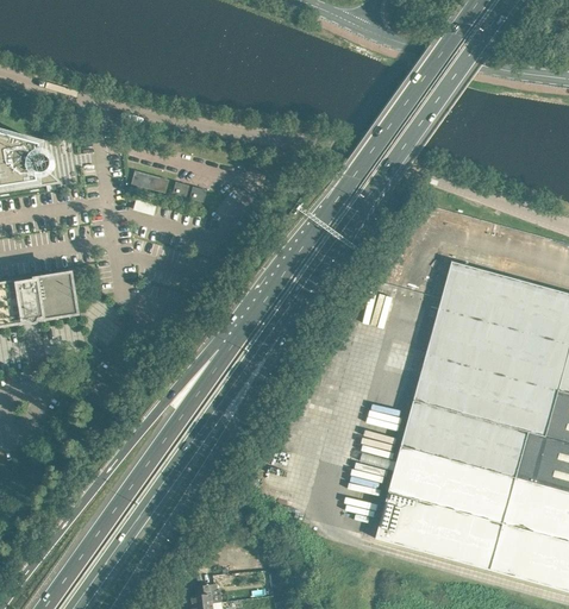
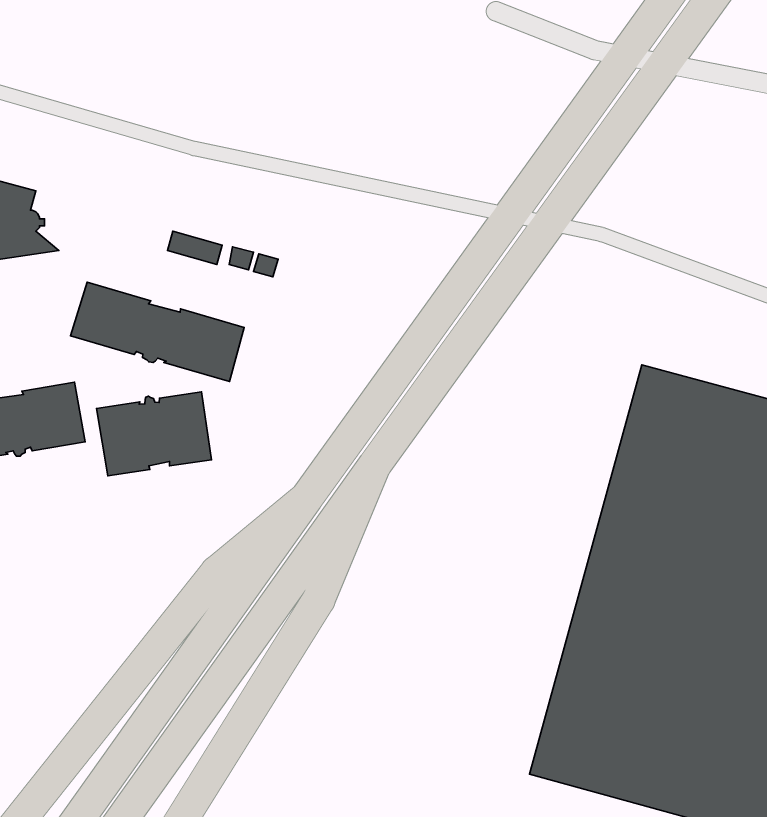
building: none -> [71,282,244,381]
building: none -> [97,392,211,476]

